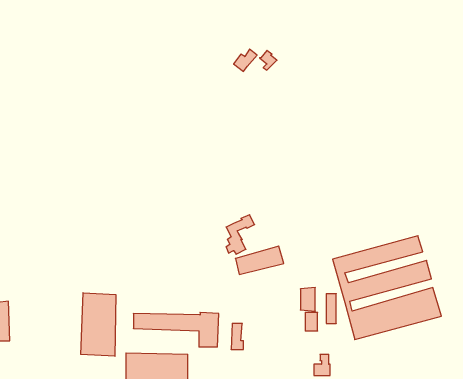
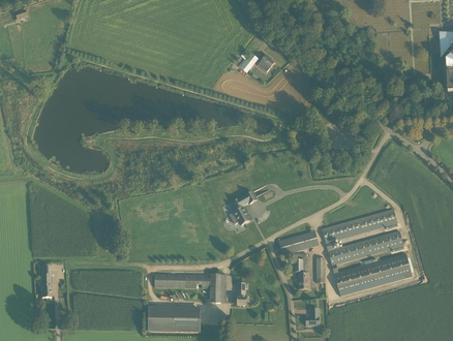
building: [235,246,284,274] -> [278,230,319,254]
building: [81,293,116,356] -> none

